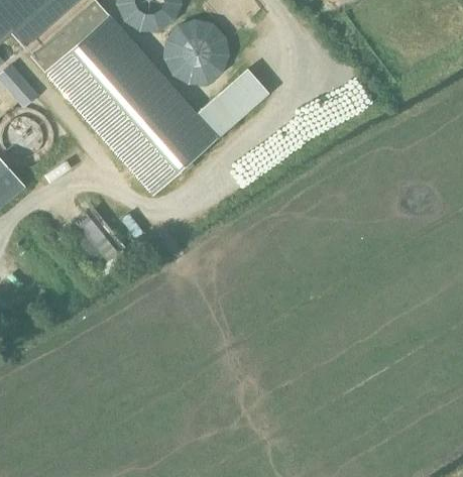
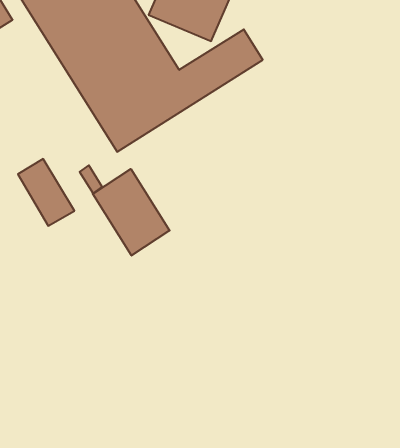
building: none -> [93,169,170,256]

